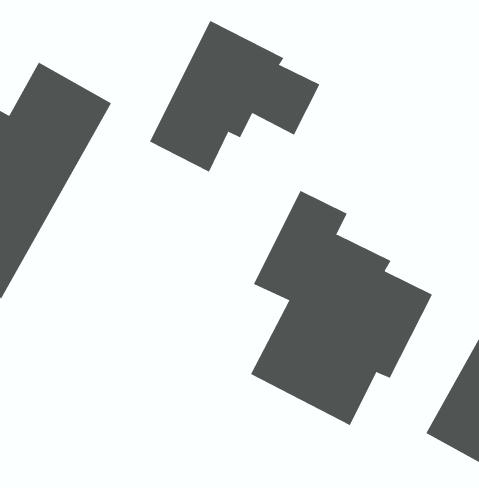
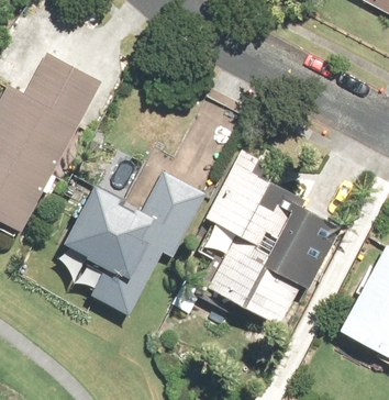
building: [149,20,320,172] -> none
building: none -> [64,171,205,316]

